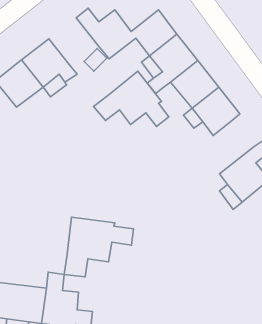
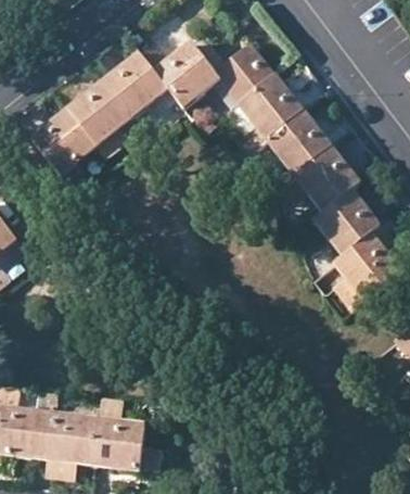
building: none -> [102,52,168,117]
building: [94,71,169,127] -> none
building: none -> [315,190,379,254]
building: [64,217,134,277] -> none

